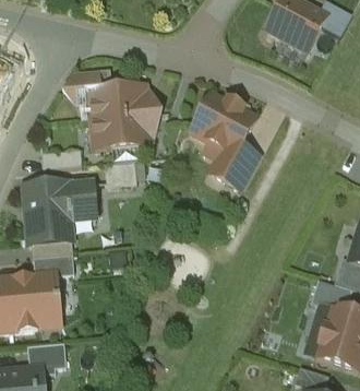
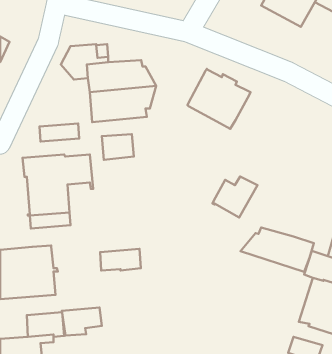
building: [212,145,257,187] -> [212,177,257,217]
building: [32,252,73,274] -> [100,249,141,270]
building: none -> [240,227,314,272]
building: none -> [62,307,102,336]

